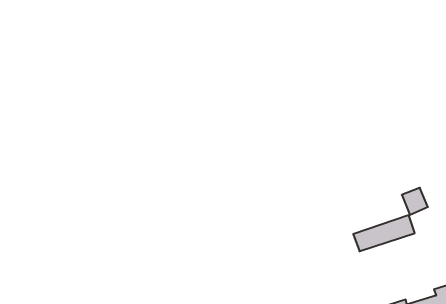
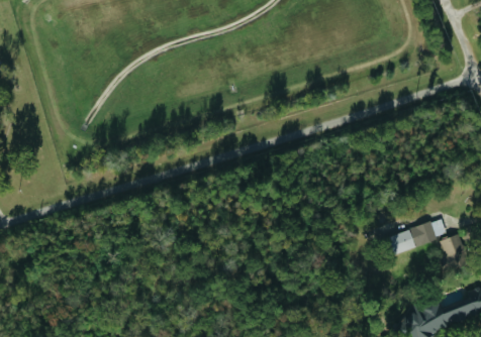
building: [402,188,428,215] -> [441,235,467,262]

